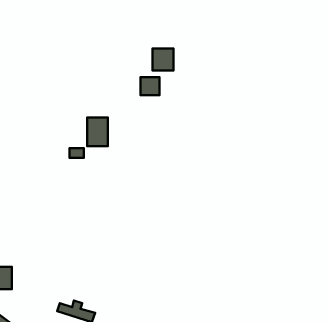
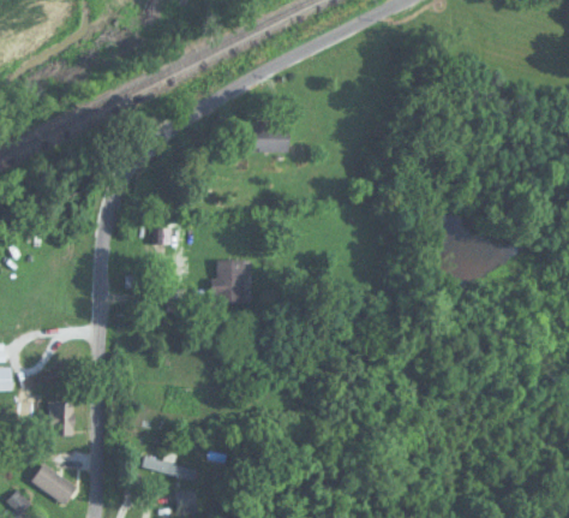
building: [152,48,173,71] -> none
building: [87,117,108,146] -> [212,261,242,303]

